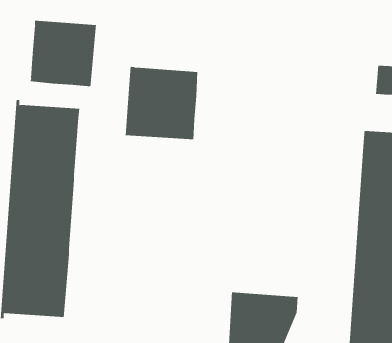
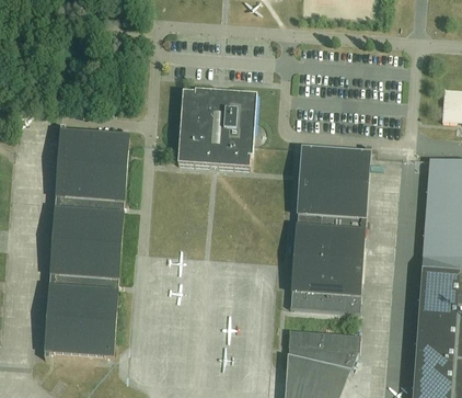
building: [30,20,96,87] -> none
building: none -> [291,146,371,310]

